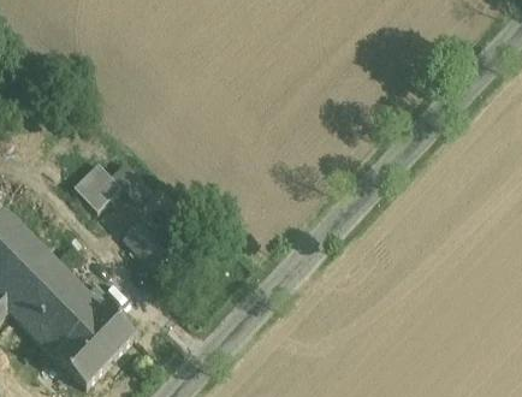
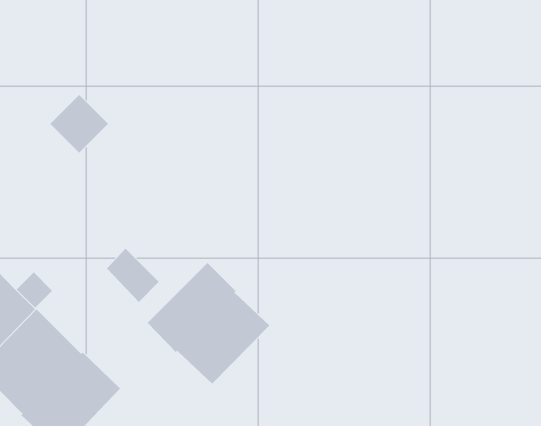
building: [72,160,120,208] -> [50,94,109,153]
building: none -> [147,262,270,384]

